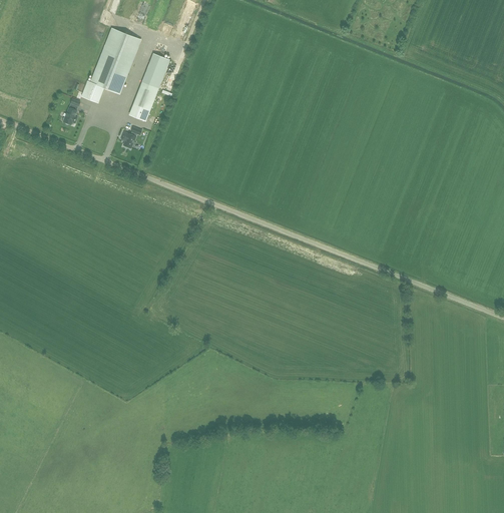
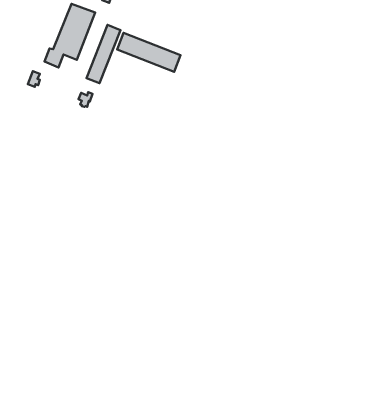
building: none -> [117,33,180,72]

